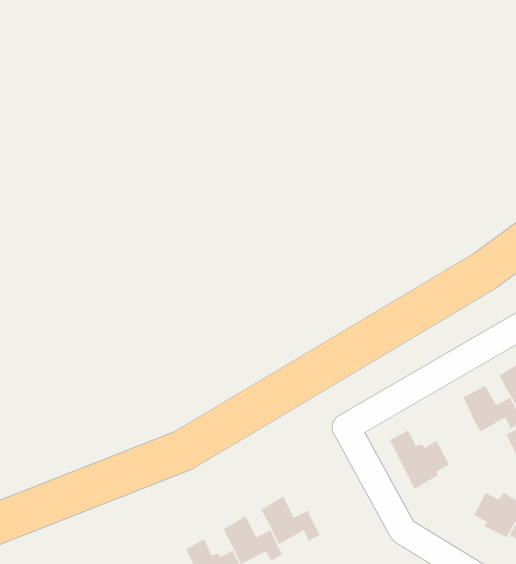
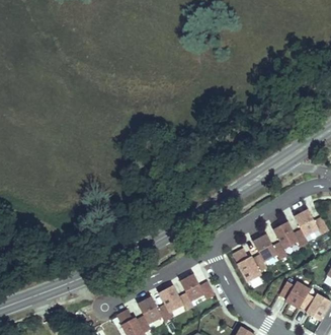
building: none -> [254,233,288,261]
building: none -> [181,273,216,302]

